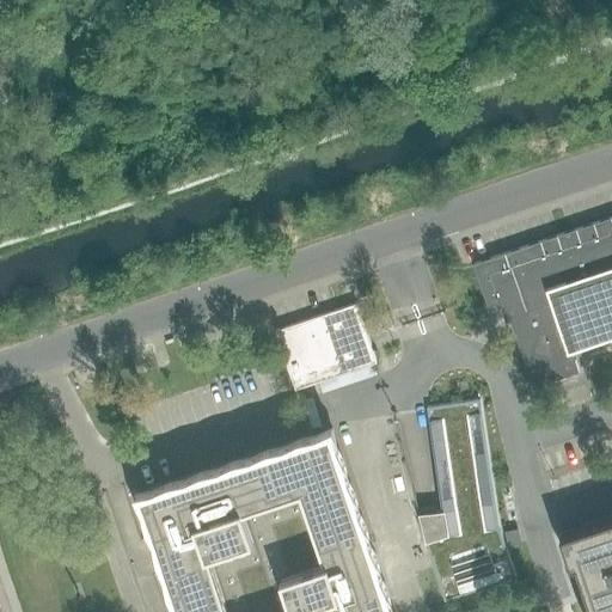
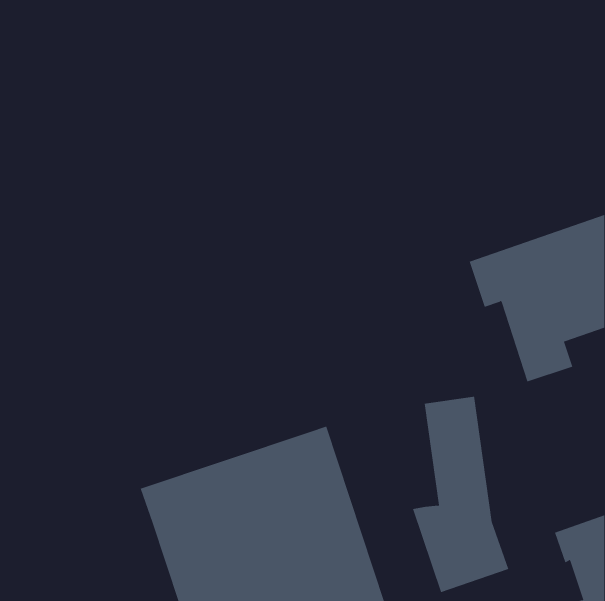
building: [276,306,377,392] -> none

